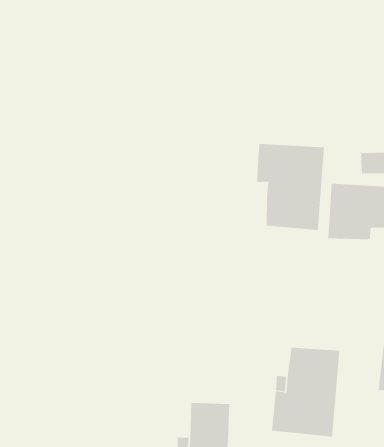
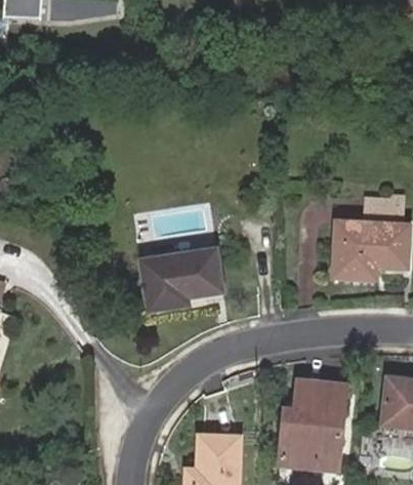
building: [257,143,325,231] -> none
building: none -> [140,248,223,310]

